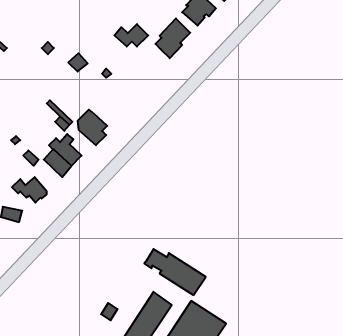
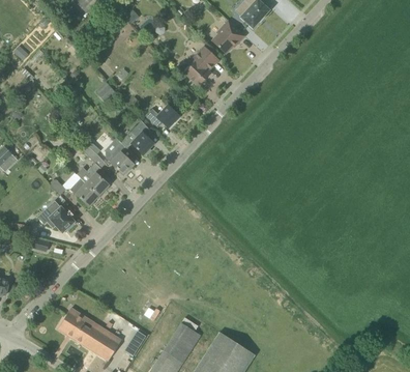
building: [114,24,148,47] -> [145,105,179,127]
building: none -> [130,120,153,155]
building: [144,249,206,295] -> [58,313,120,360]

